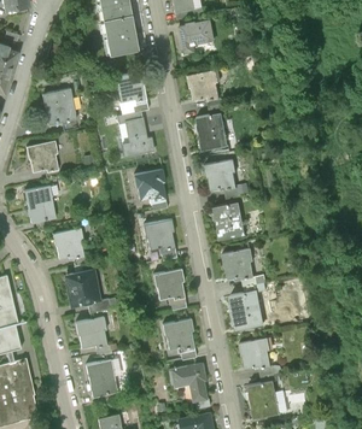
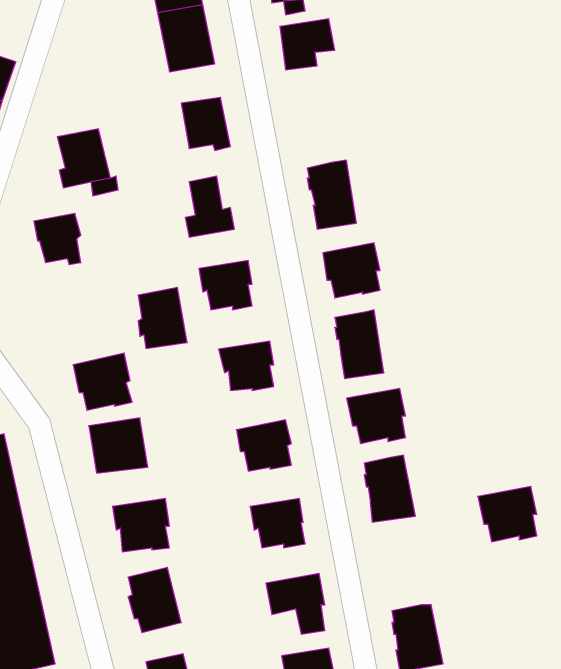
building: [185,67,221,101] -> none
building: [28,186,58,223] -> [138,287,187,348]
building: [238,337,274,371] -> [478,487,537,542]

